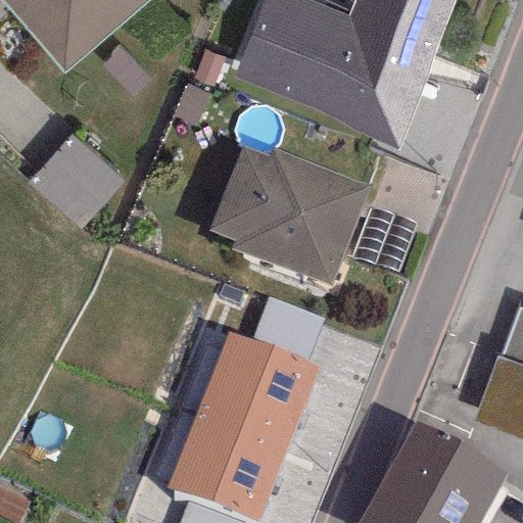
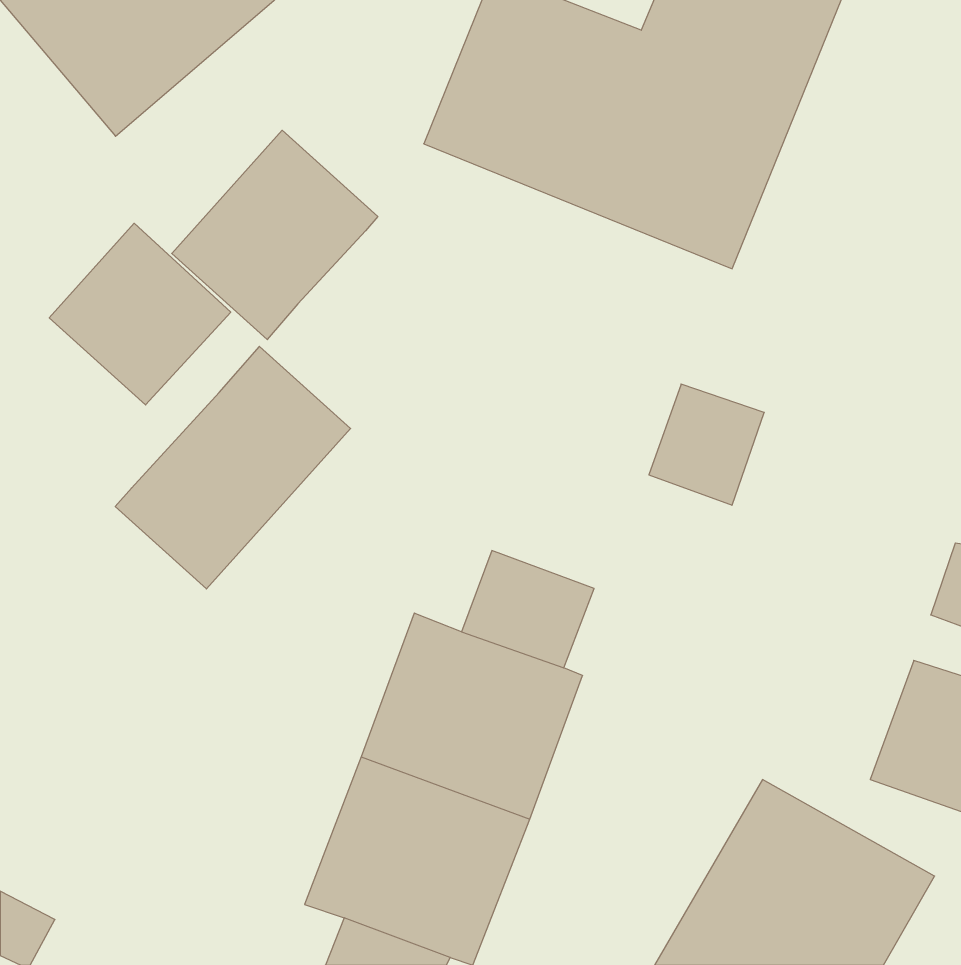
building: none -> [172,130,378,340]
building: [209,146,372,286] -> none
building: none -> [115,346,351,589]

